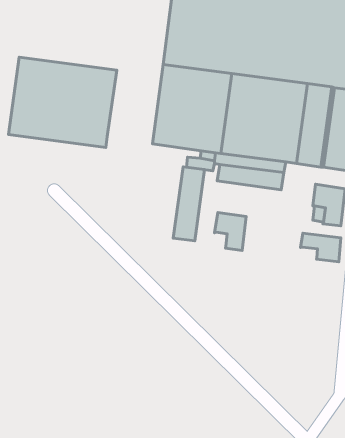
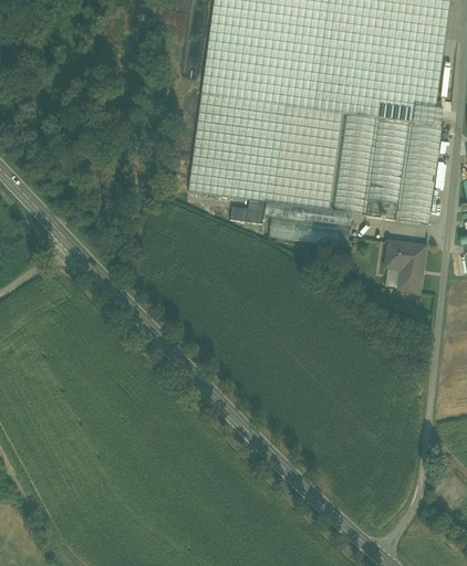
building: [8,57,117,148] -> none
building: [173,167,205,241] -> none
building: [215,212,246,250] -> none
building: [301,233,341,262] -> none

